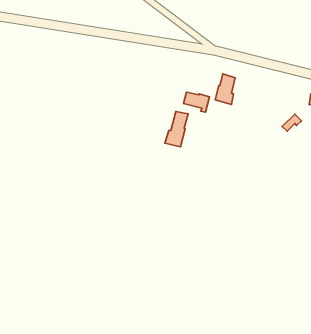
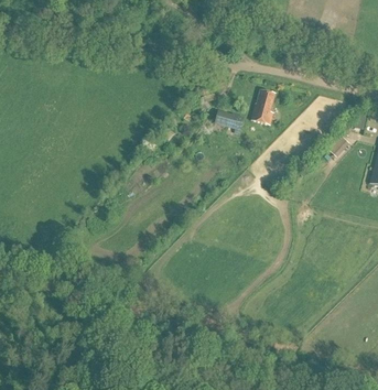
building: [165,111,188,147] -> none

